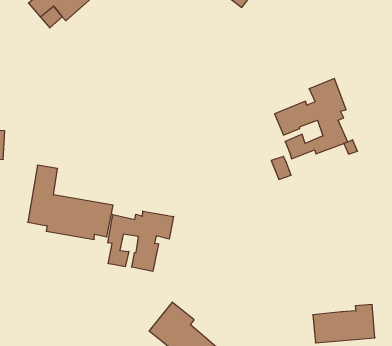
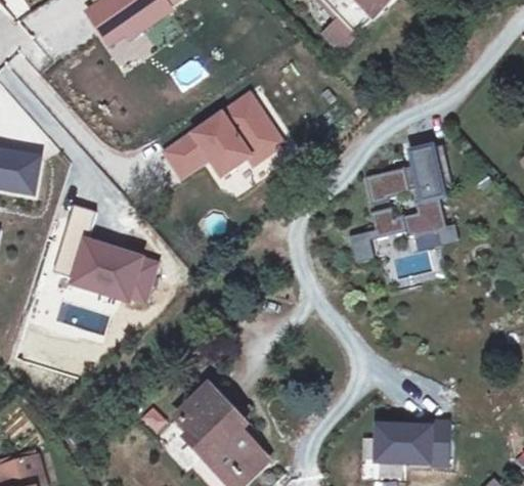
building: none -> [165,95,276,175]
building: [108,211,174,271] -> none

